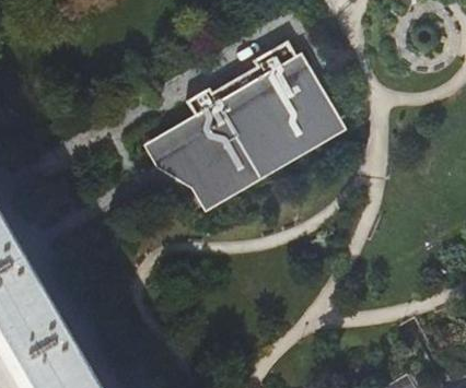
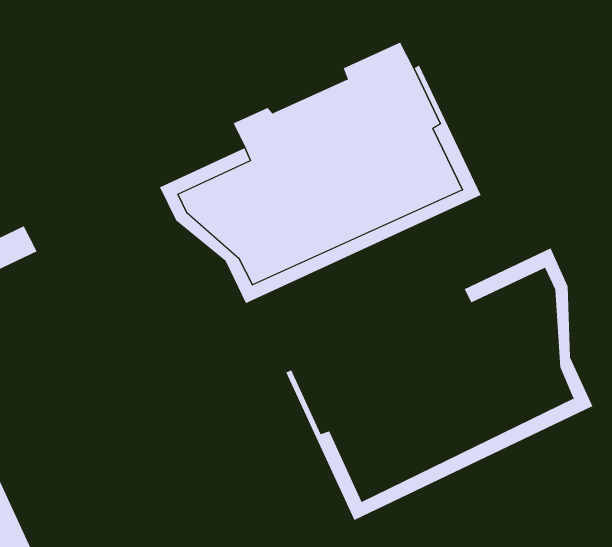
building: none -> [285,248,593,521]

